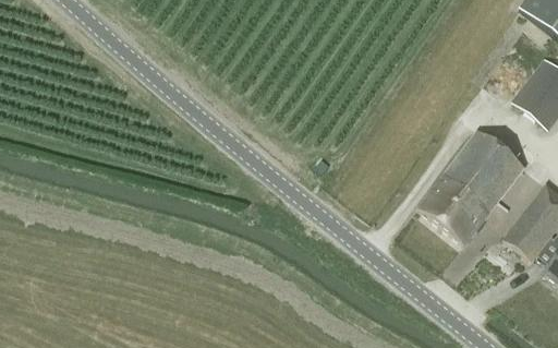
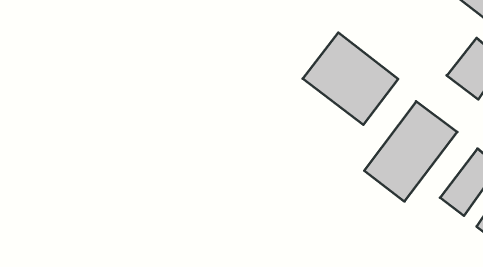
building: none -> [303,33,398,125]

